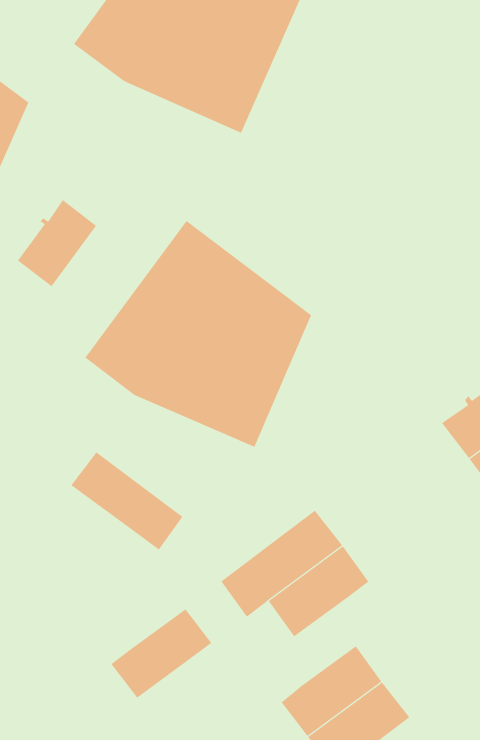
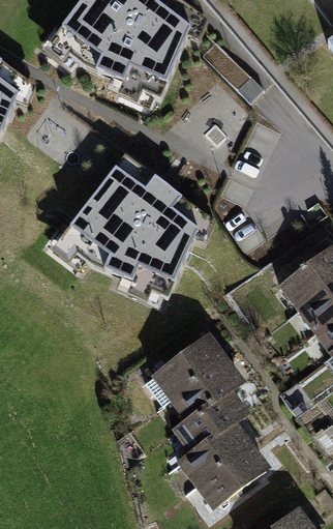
building: [17,199,97,287] -> none
building: [70,452,183,551] -> none
building: [111,608,212,698] -> [180,389,244,446]

